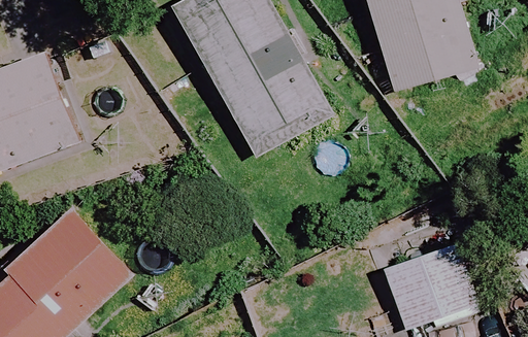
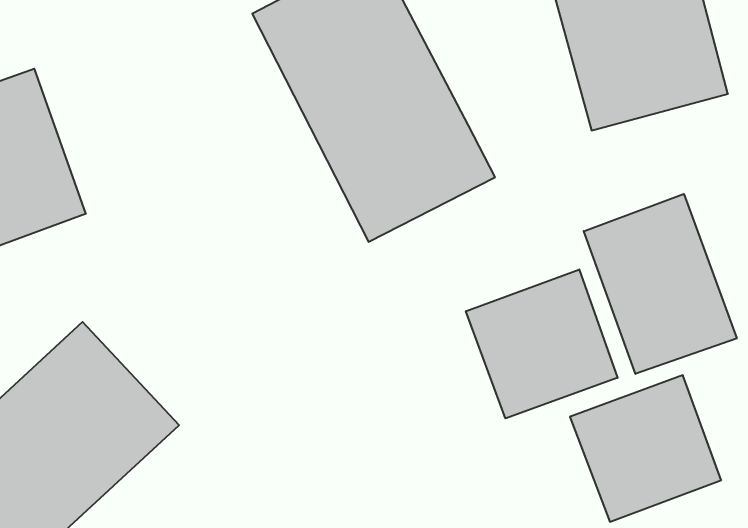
building: none -> [584,194,737,374]
building: none -> [466,269,618,418]

